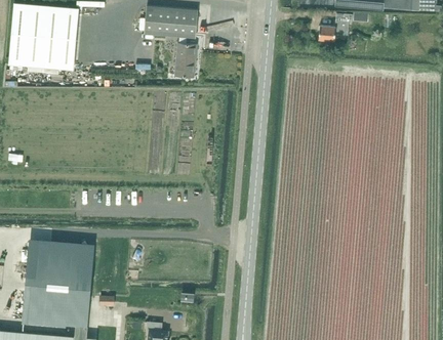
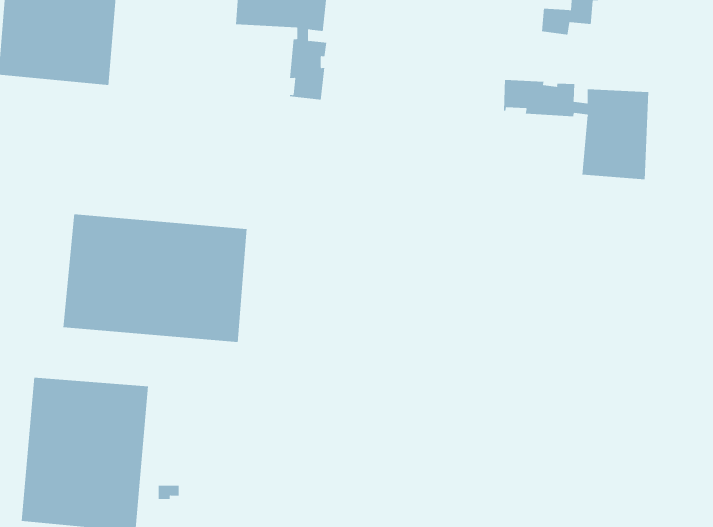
building: none -> [504,79,649,180]
building: none -> [63,214,247,343]

